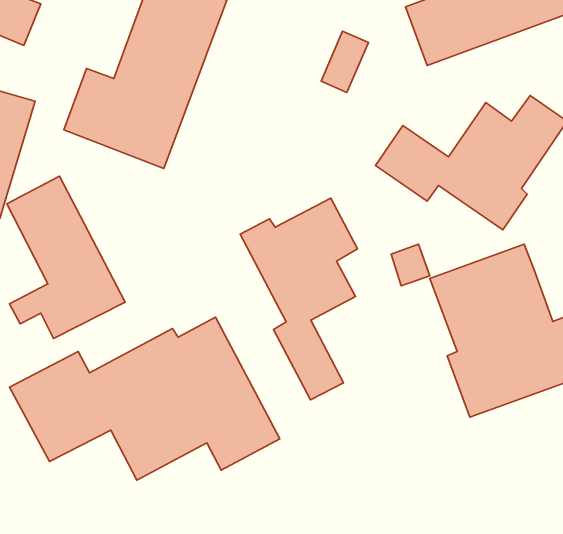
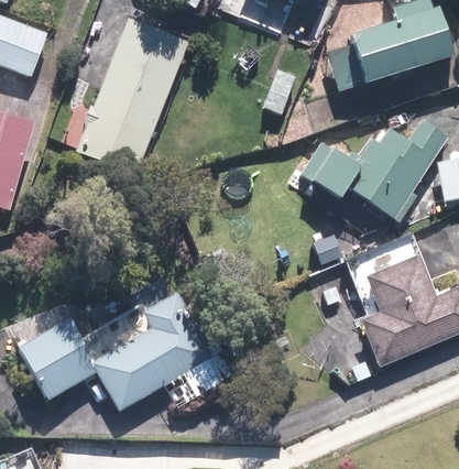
building: [7,176,125,338] -> none
building: [240,198,358,400] -> none

